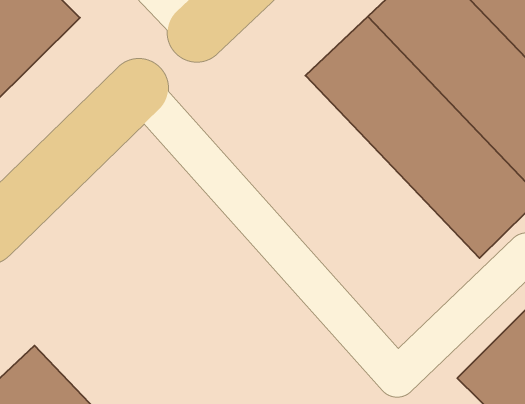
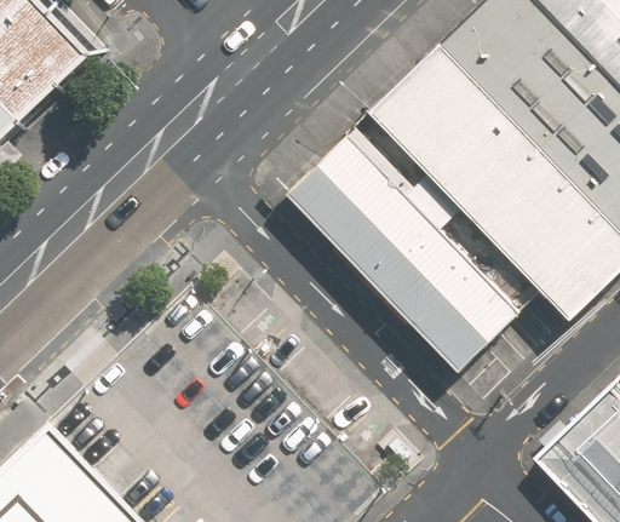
building: none -> [288,138,517,371]

